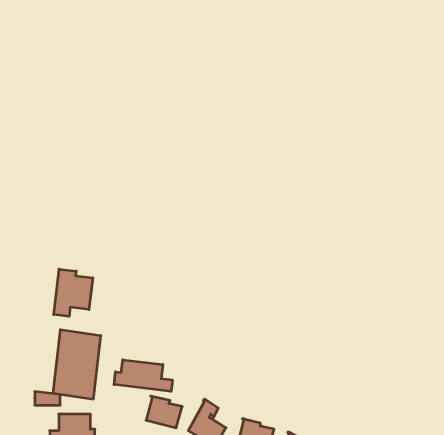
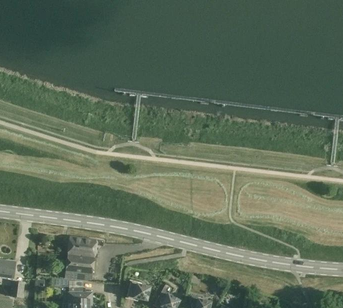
building: [54,269,93,316] -> none
building: [114,360,172,391] -> none

